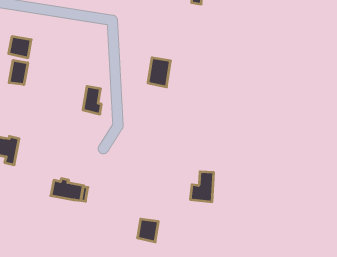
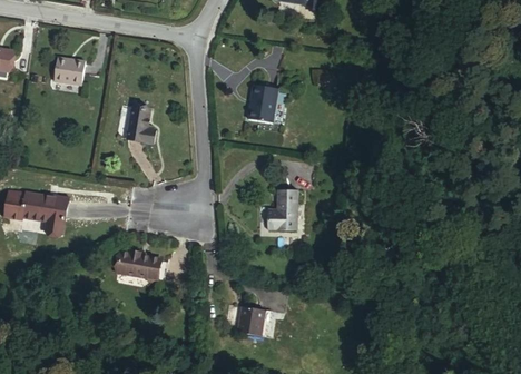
building: [9,60,28,85] -> none
building: [83,86,101,114] -> [127,105,153,142]
building: [190,172,214,202] -> [266,191,298,233]

